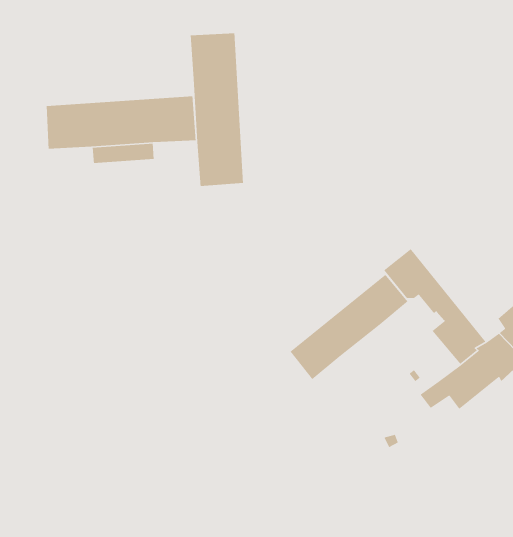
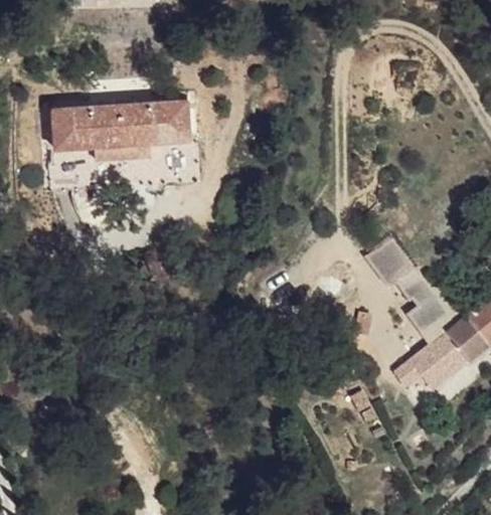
building: [190,32,244,187] -> none
building: [289,274,409,380] -> none

